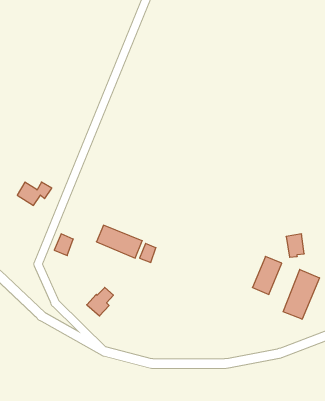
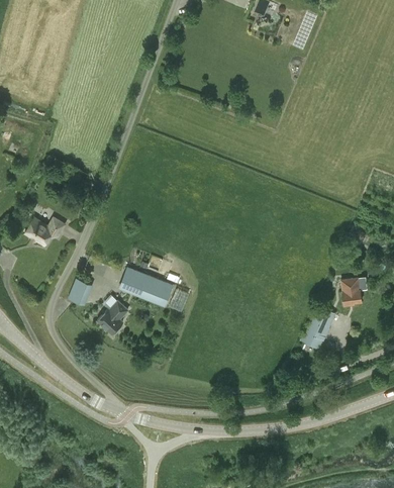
building: [283,269,319,319] -> none
building: [87,287,113,316] -> [98,300,129,333]

